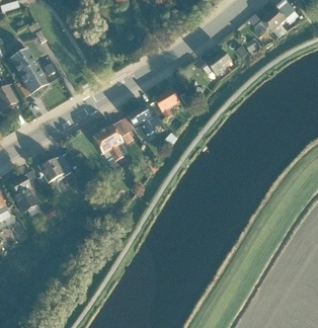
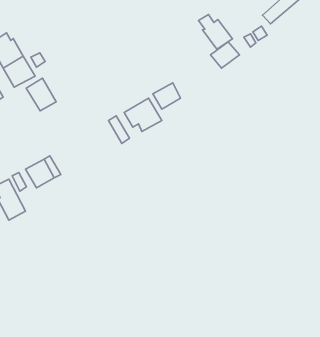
building: none -> [199,14,233,49]
building: none -> [26,78,56,111]
building: [92,125,124,161] -> none

